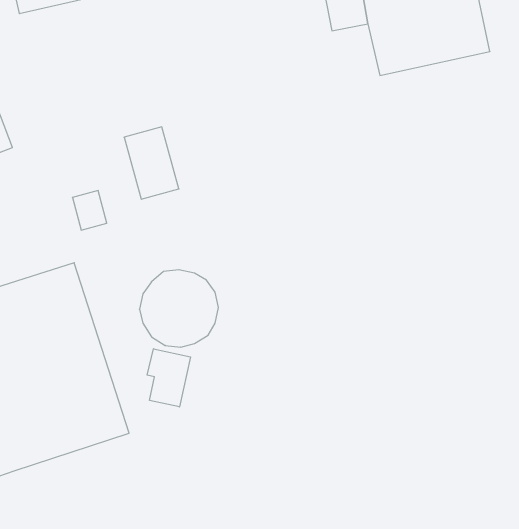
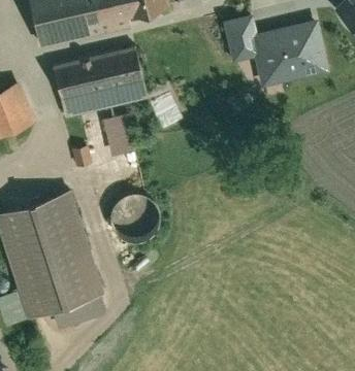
building: none -> [55,49,150,121]
building: [147,349,190,407] -> none

